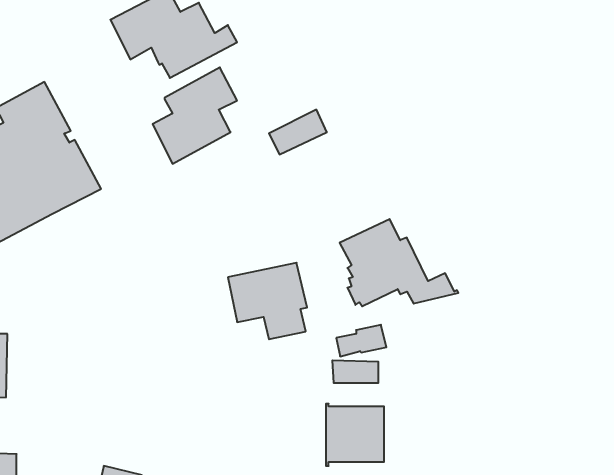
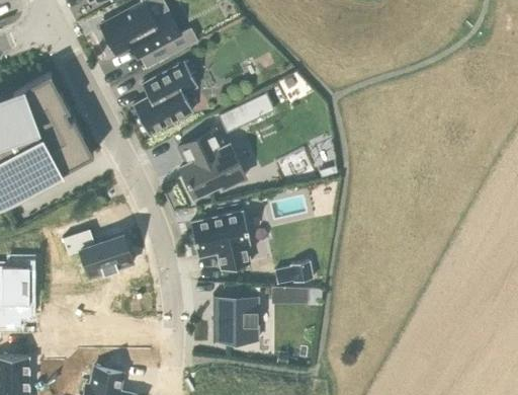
building: [340,219,458,306] -> [177,131,268,198]
building: none -> [64,231,134,274]
building: [326,404,384,466] -> [212,296,257,343]

